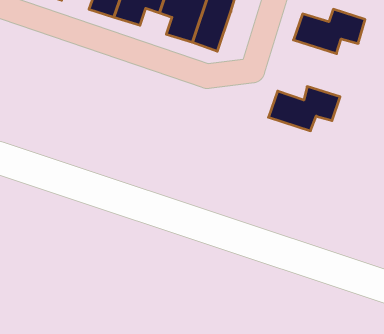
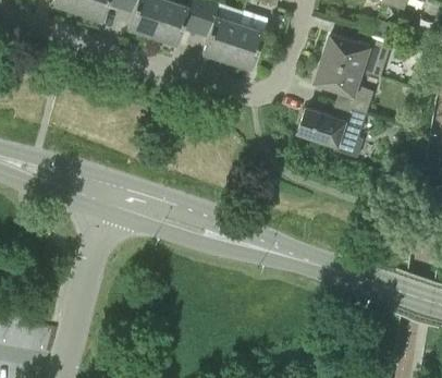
building: none -> [315,58,375,112]

